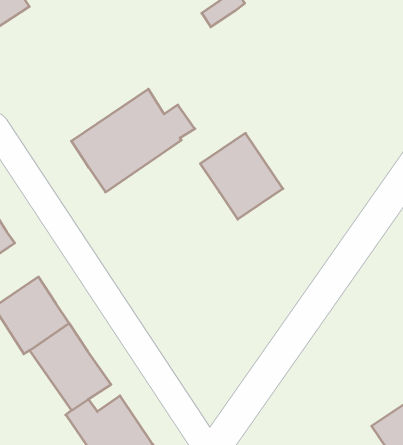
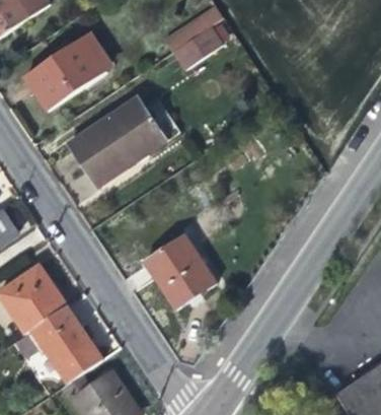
building: none -> [171,24,226,71]
building: none -> [24,37,106,112]
building: [200,133,283,219] -> [143,232,217,309]

